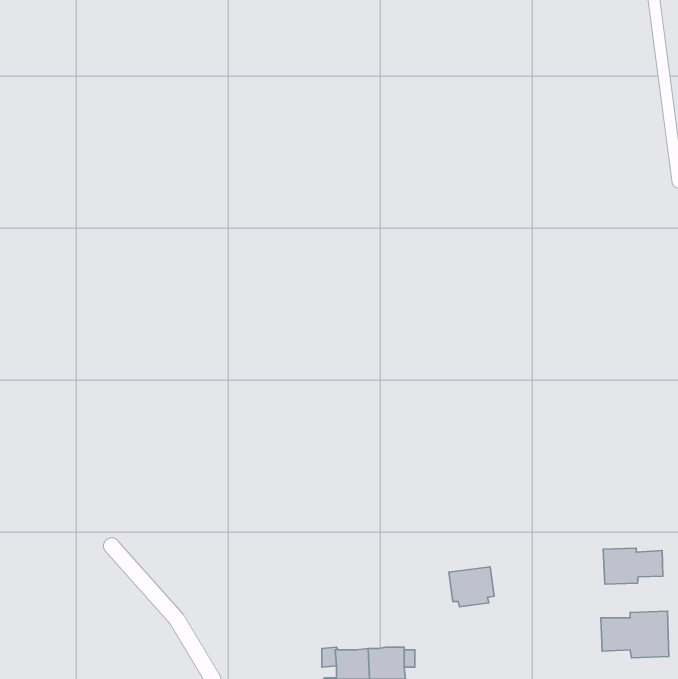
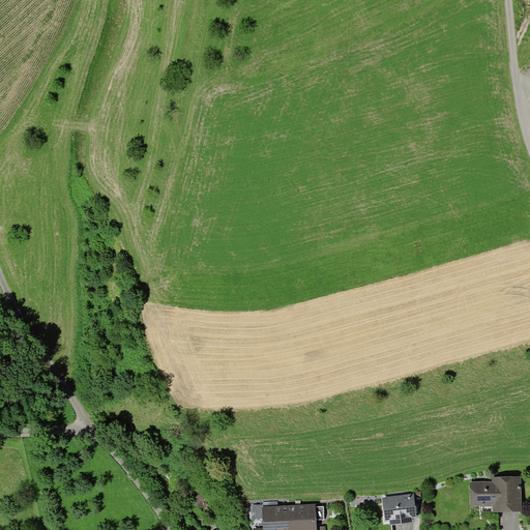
building: [603,548,663,584] -> none
building: [449,567,494,607] -> [381,494,416,525]

